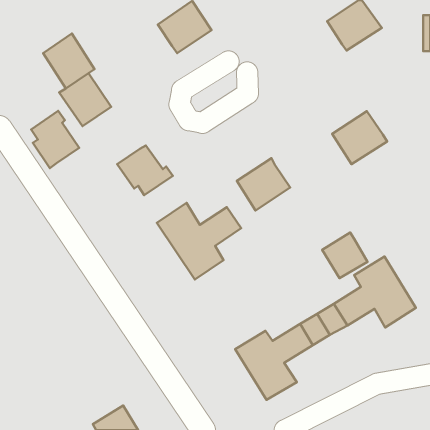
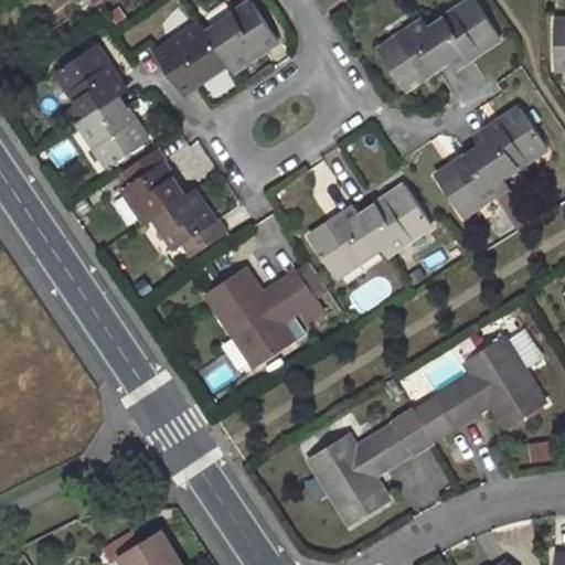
building: none -> [377,21,448,89]
building: none -> [154,23,225,92]
building: none -> [475,107,546,177]
building: [31,111,79,168] -> [120,147,183,222]
building: none -> [360,186,430,255]
building: [322,233,368,278] -> none

